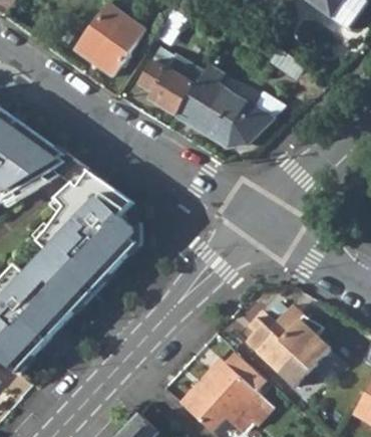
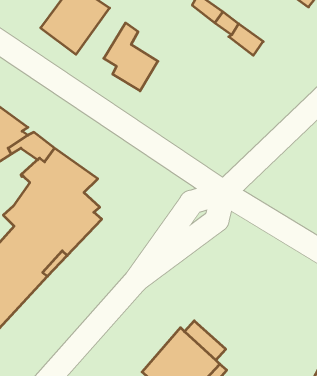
building: [176,64,284,148] -> none
building: [245,305,328,385] -> none

